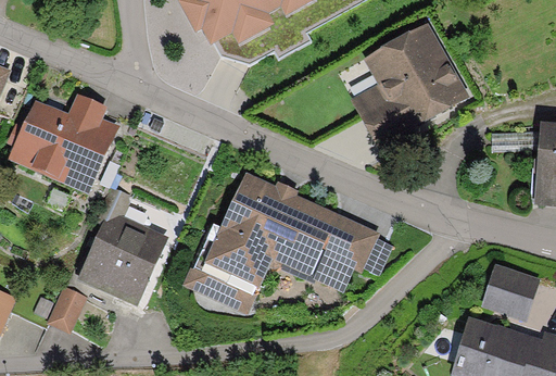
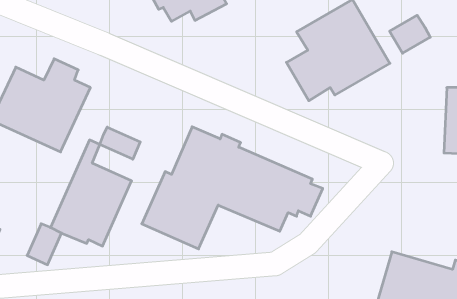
building: none -> [390,15,430,53]
building: none -> [100,127,140,159]
building: [479,263,538,321] -> none

